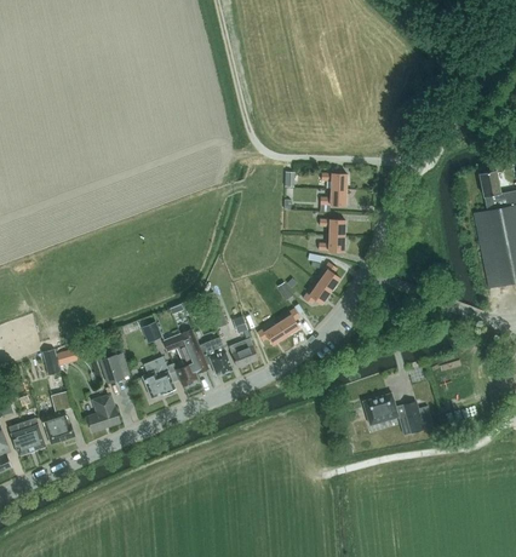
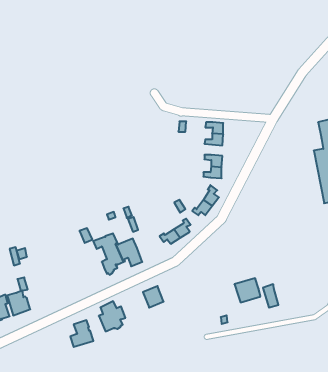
building: [228,338,257,368] -> [143,286,164,308]
building: [97,352,128,384] -> none
building: [141,356,178,398] -> [99,301,125,331]
building: [86,394,119,431] -> [70,320,93,347]

